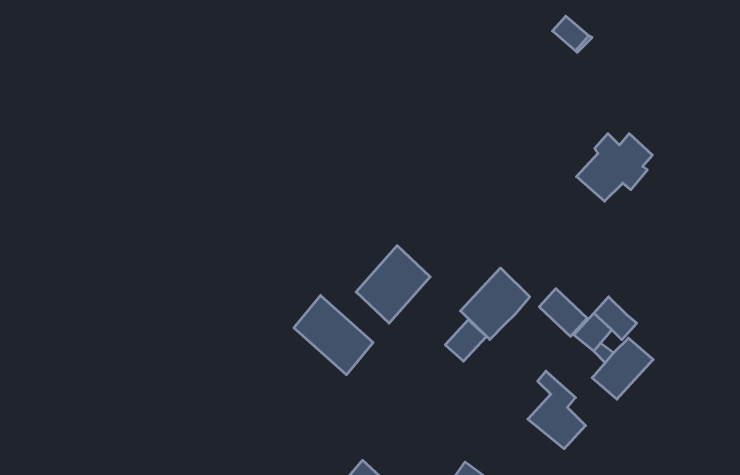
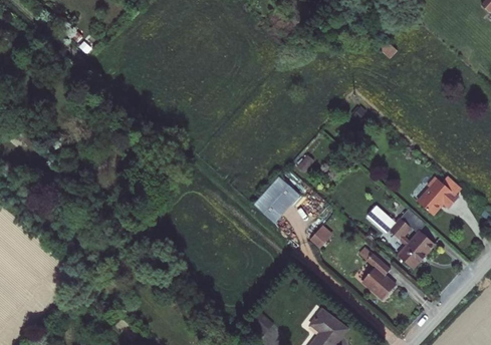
building: [576,134,652,201] -> [416,176,462,217]
building: [460,268,530,340] -> none
building: [294,295,373,375] -> none

